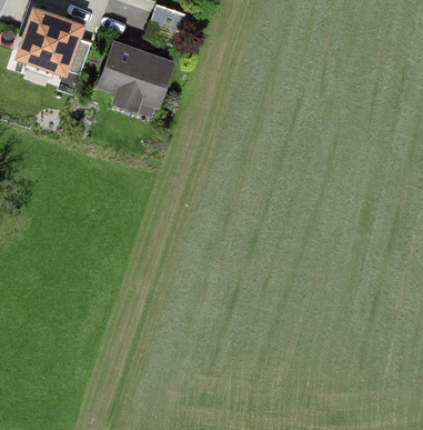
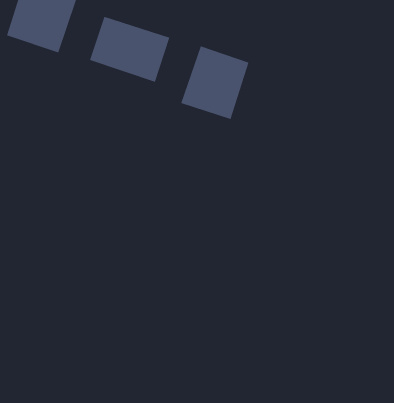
building: none -> [180,45,249,120]

